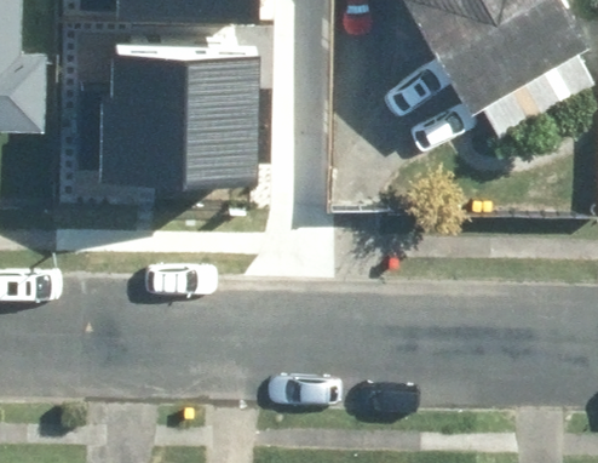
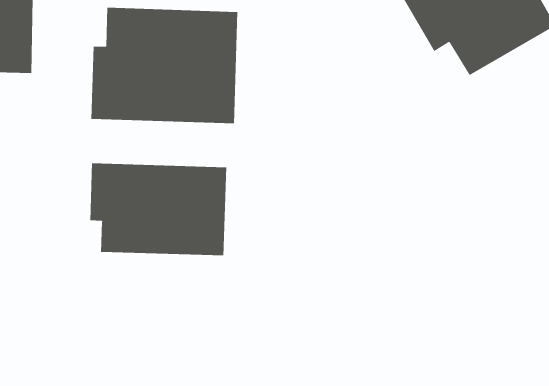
building: none -> [90,163,227,256]

